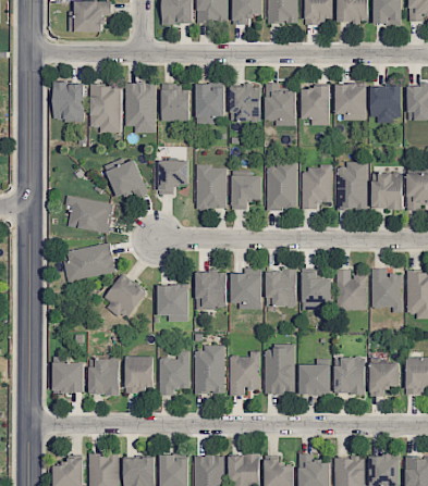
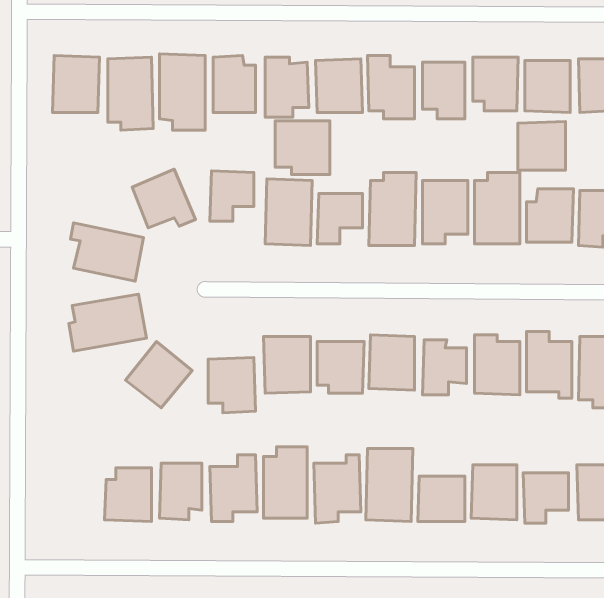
building: none -> [275,121,330,175]
building: none -> [518,121,566,170]
building: [52,361,84,392] -> none

